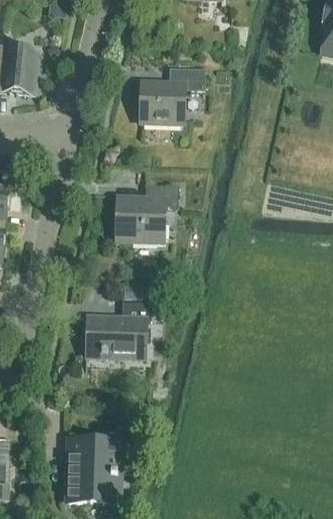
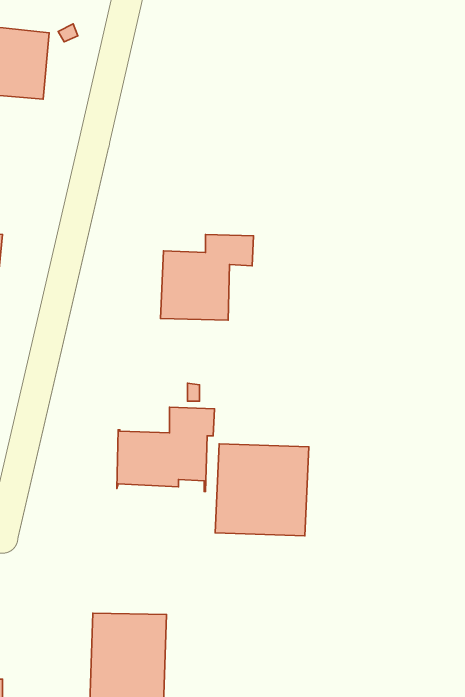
building: [142,67,203,125] -> none
building: none -> [215,444,309,536]

